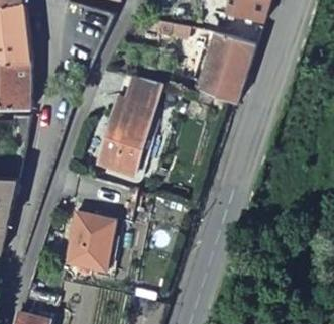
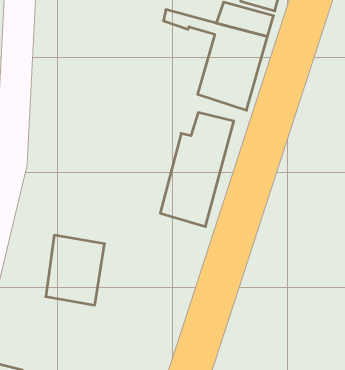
building: [98,78,158,172] -> [160,113,234,227]

